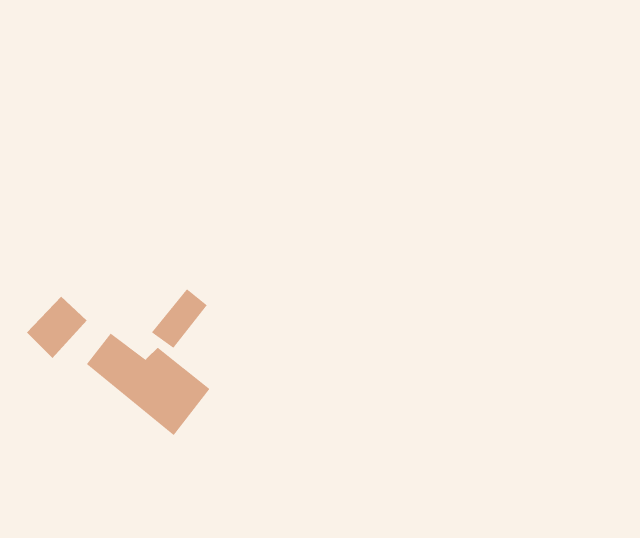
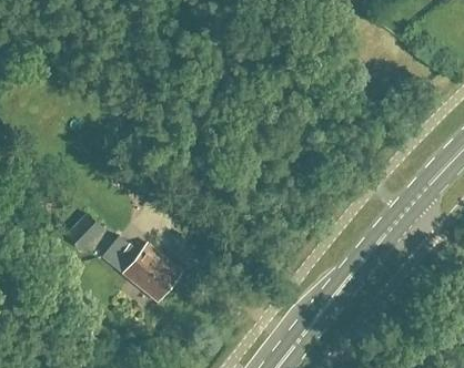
building: [151,288,208,349] -> none

